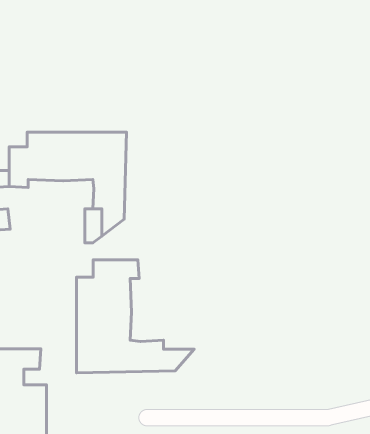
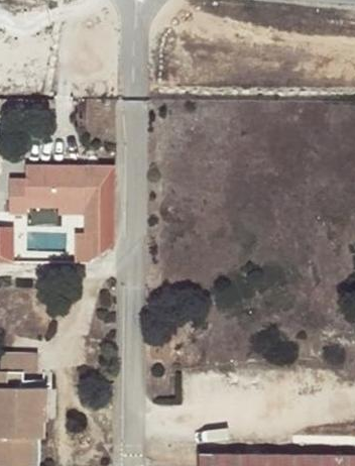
building: [77,260,194,373] -> none

